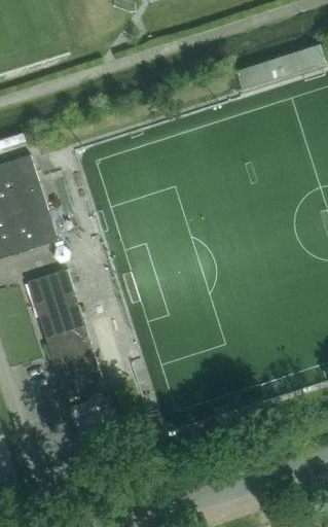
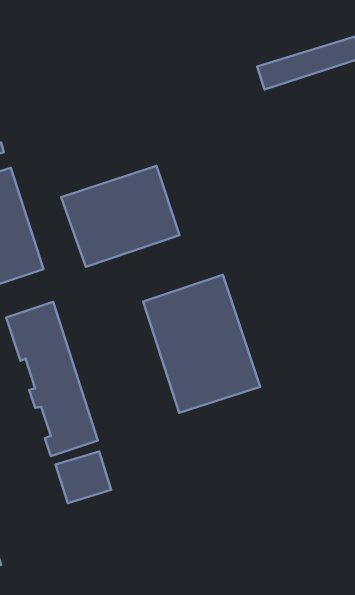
building: none -> [61,166,180,267]
building: none -> [143,275,260,413]

